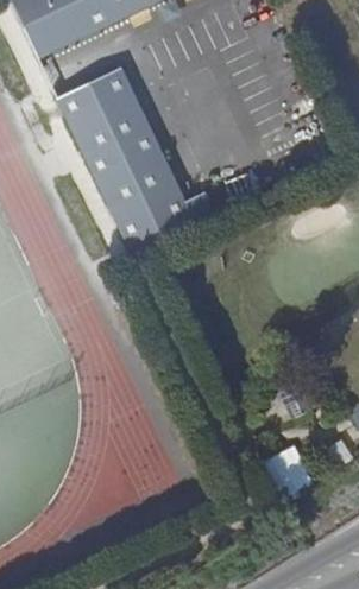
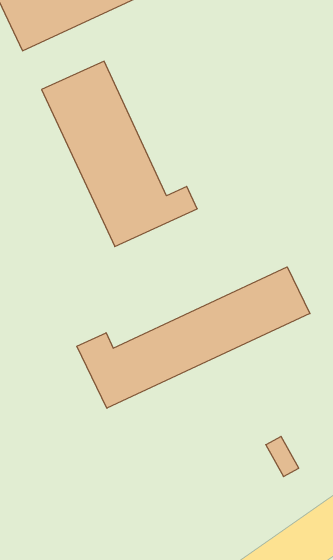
building: none -> [77,267,310,408]

